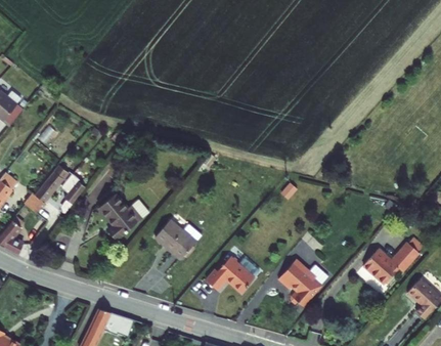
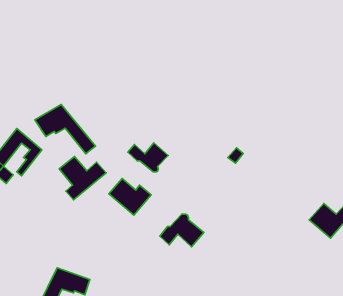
building: none -> [35,105,95,154]
building: none -> [128,143,168,172]
building: [276,257,327,303] -> none

